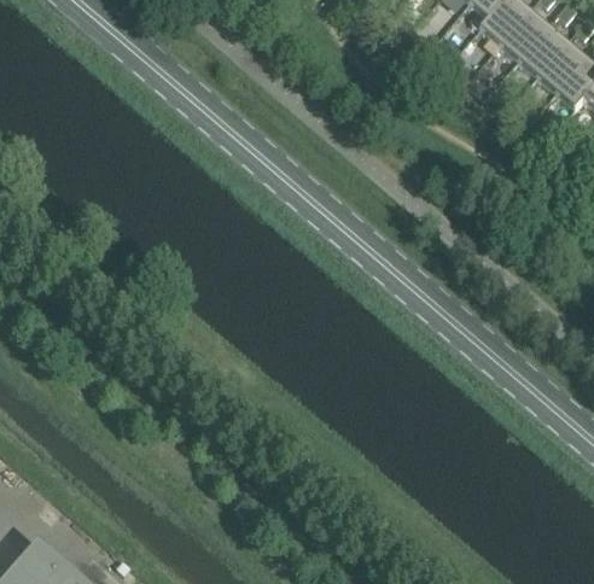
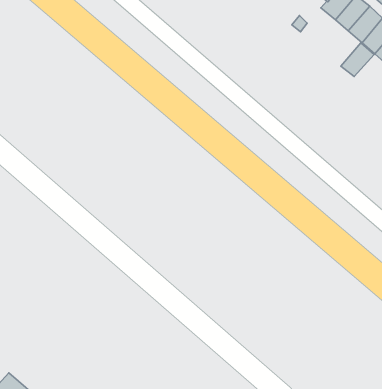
building: none -> [341,43,374,77]

